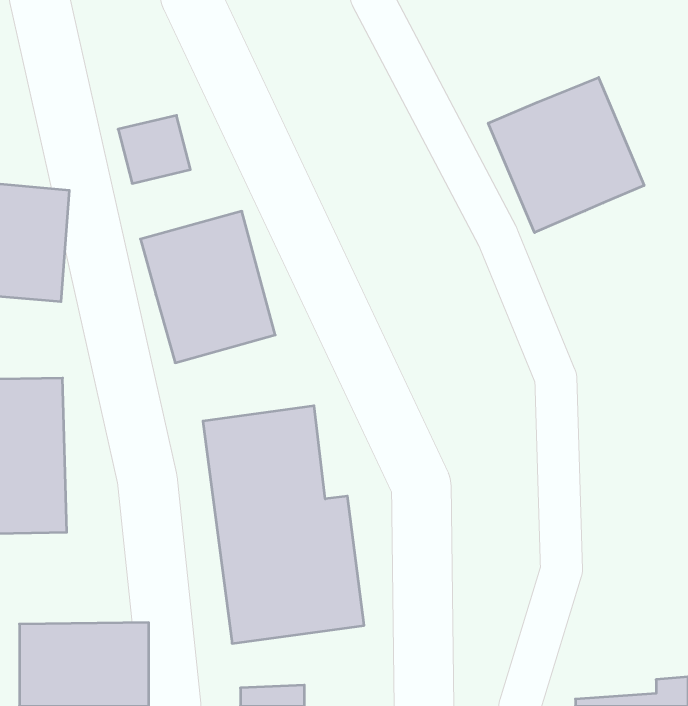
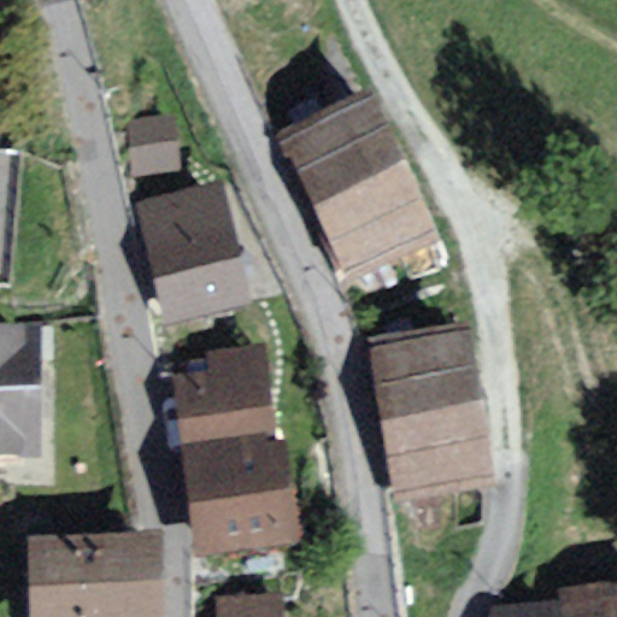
building: [488,77,644,233] -> none
building: none -> [282,106,435,276]
building: none -> [371,327,478,505]

